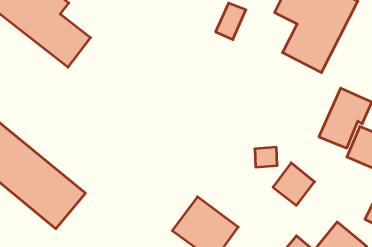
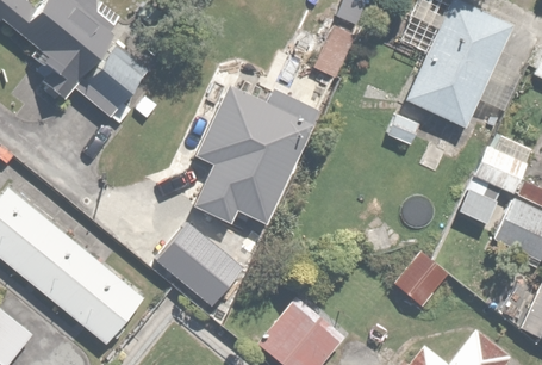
building: none -> [192,86,324,223]
building: none -> [163,245,236,311]

